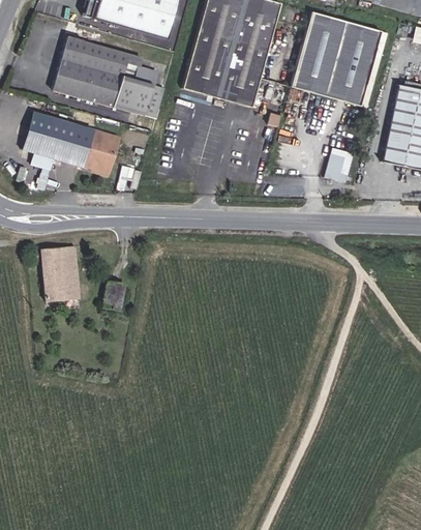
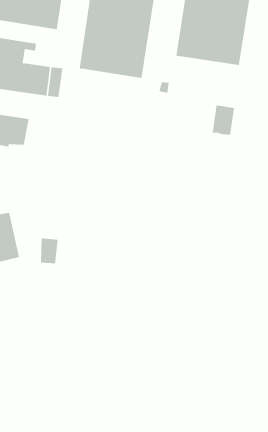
building: [121,59,155,82] -> none

